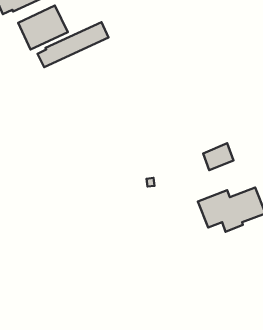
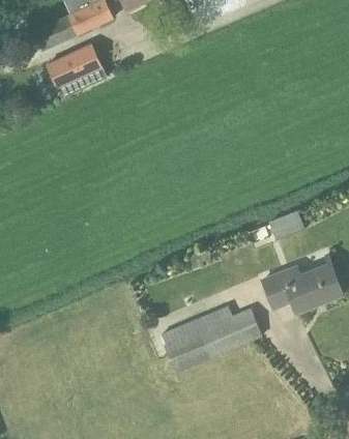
building: [37,22,109,67] -> none
building: none -> [162,306,262,372]

